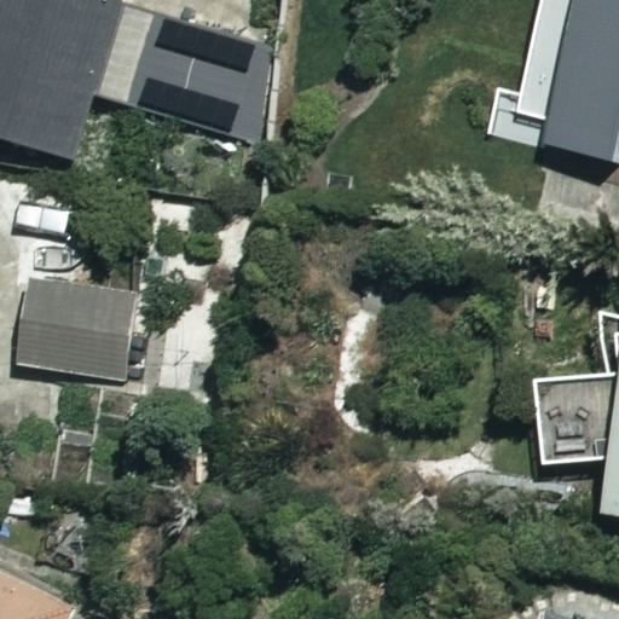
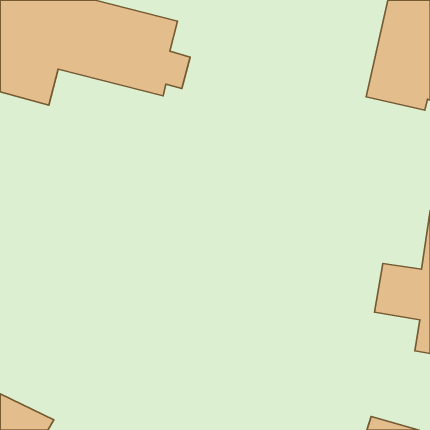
building: [19,266,135,380] -> none

